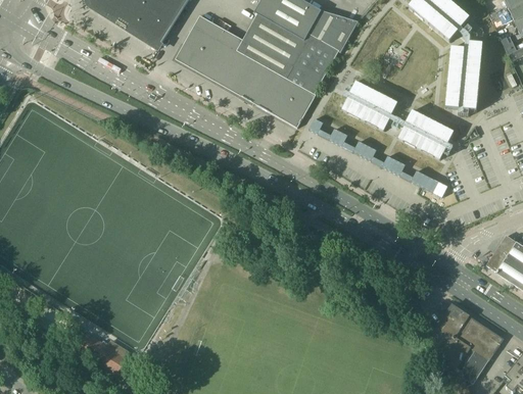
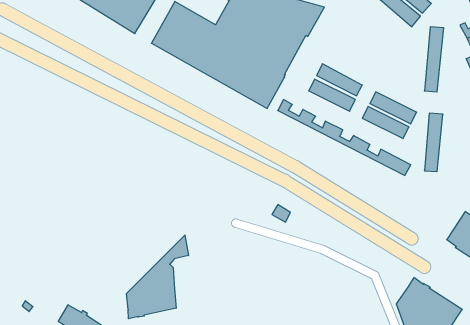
building: [445,46,465,107] -> [424,113,443,172]
building: none -> [127,235,189,319]

